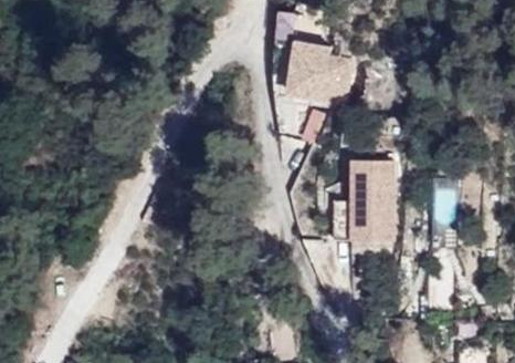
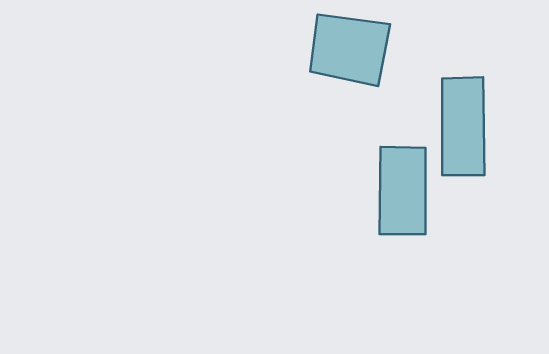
building: none -> [442,77,484,175]

